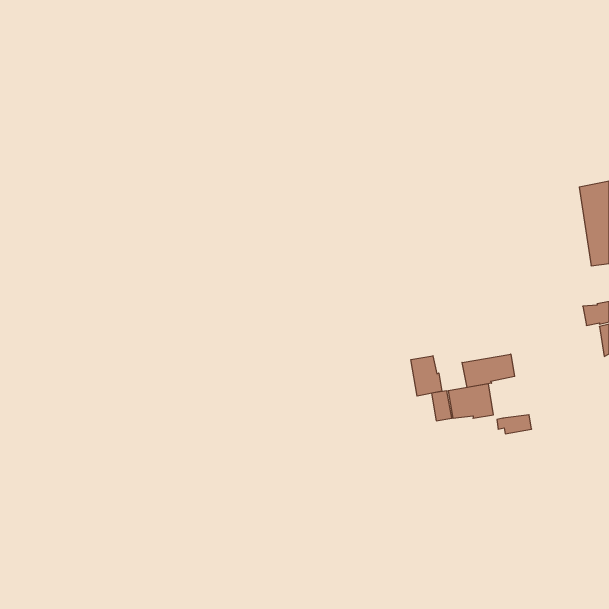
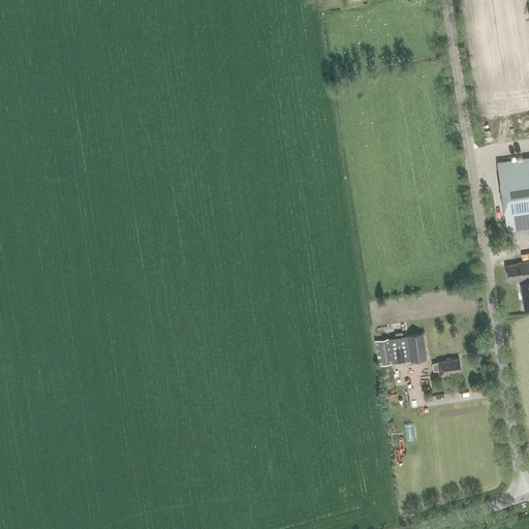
building: [462,354,515,387] -> none
building: [411,356,442,396] -> none

